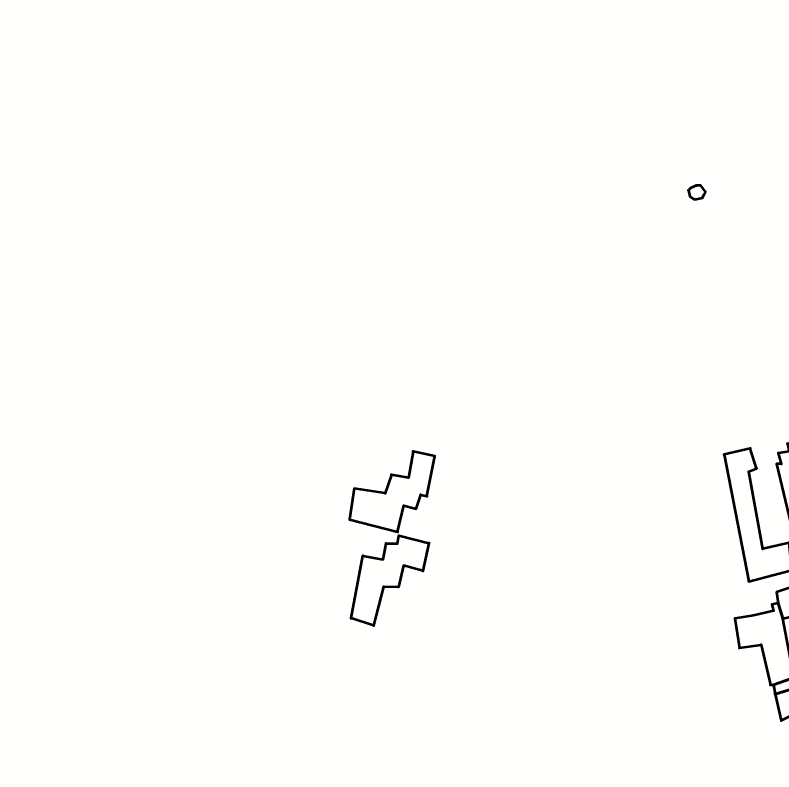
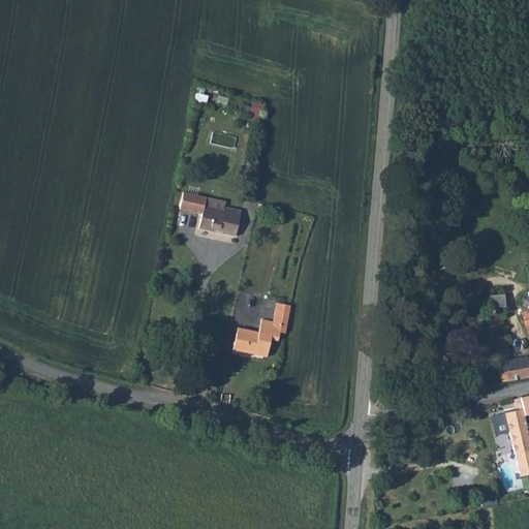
building: none -> [180,191,241,232]
building: [351,536,429,626] -> none

